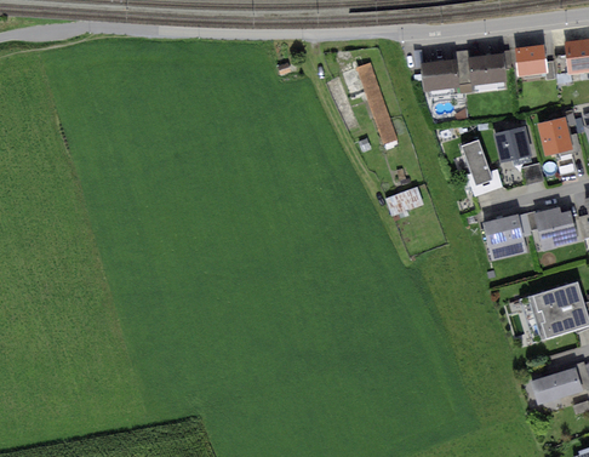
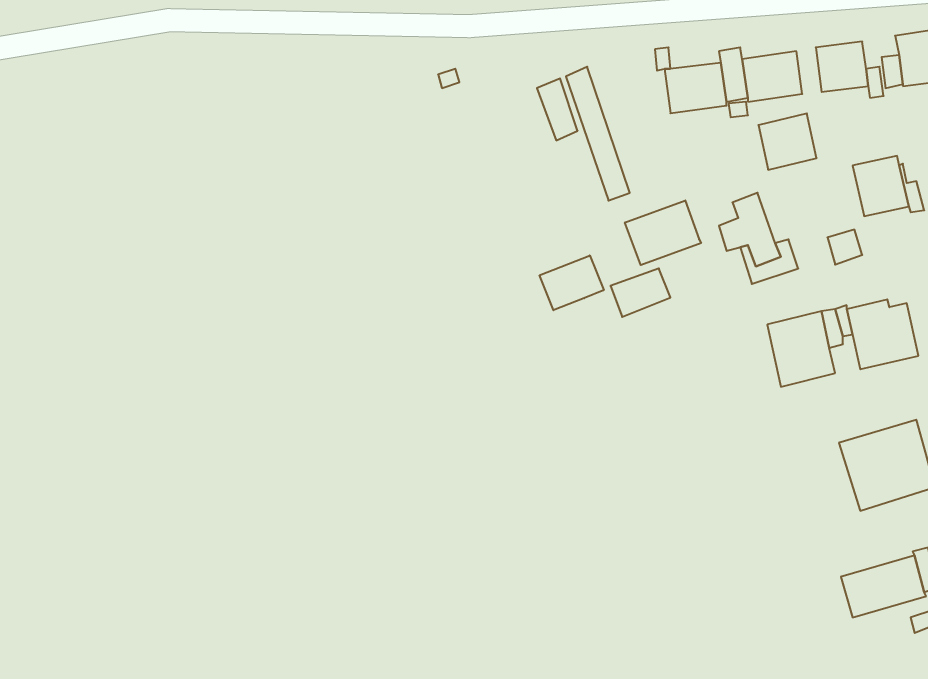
building: [494,126,531,161] -> [758,113,817,170]
building: none -> [625,200,701,265]
building: none -> [540,255,604,310]

